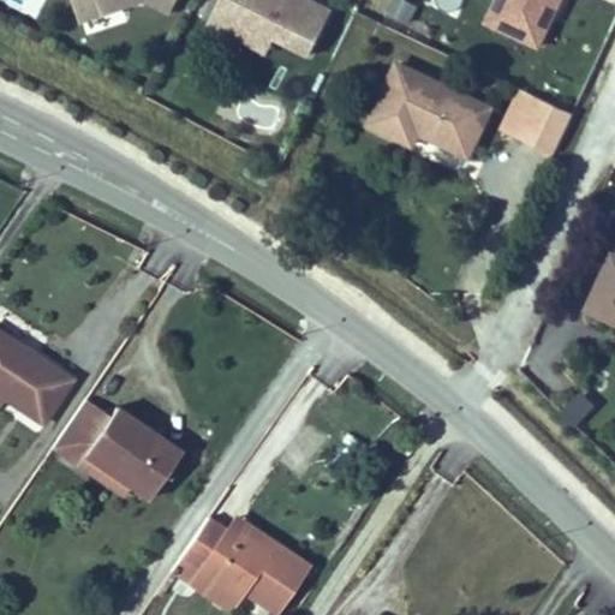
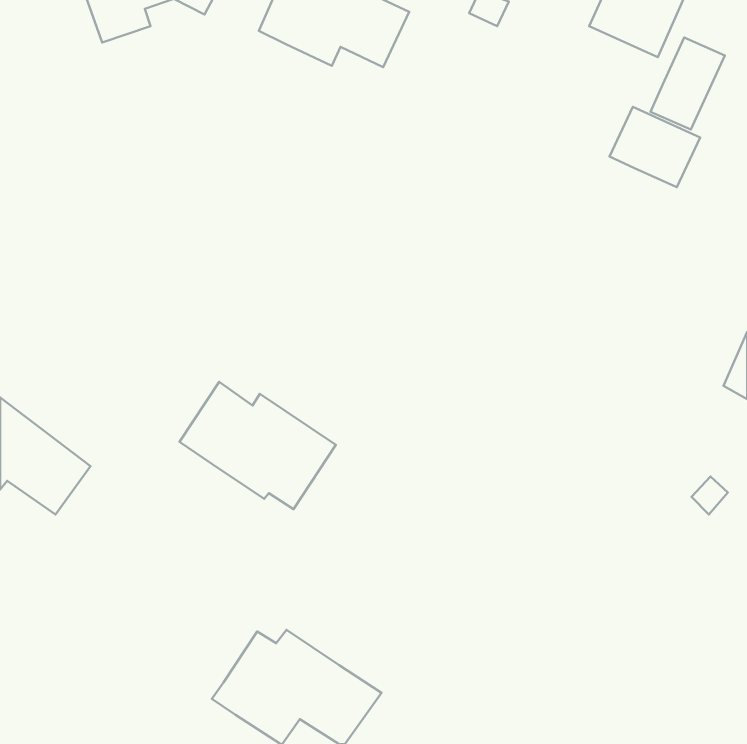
building: none -> [650,38,725,130]
building: [364,60,489,155] -> none
building: [53,400,181,504] -> [180,382,336,509]

